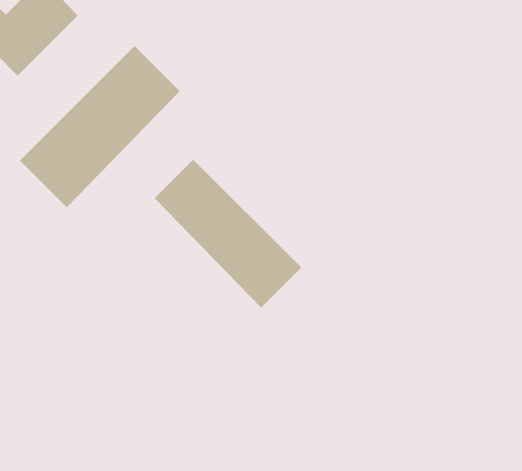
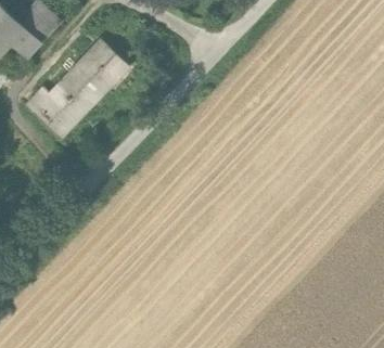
building: [154,159,302,308] -> none

